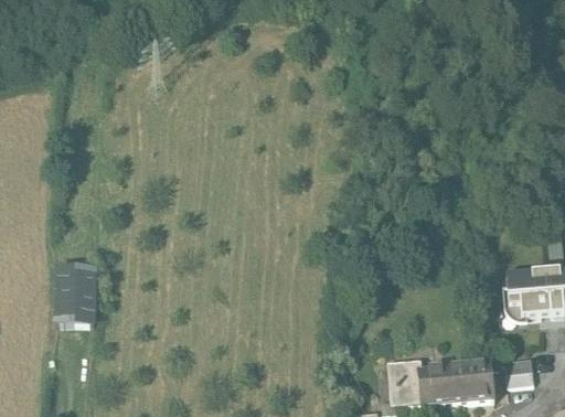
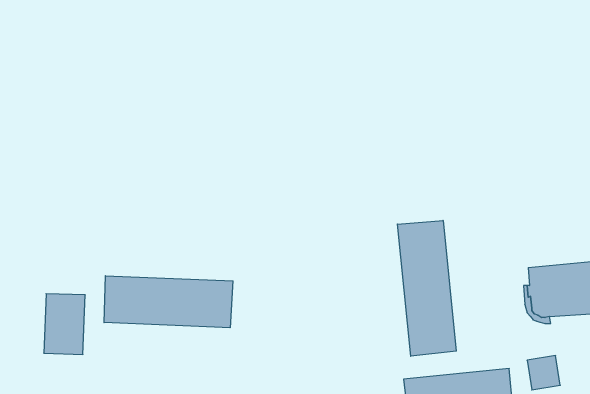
building: none -> [397,220,456,356]
building: none -> [104,276,233,328]

